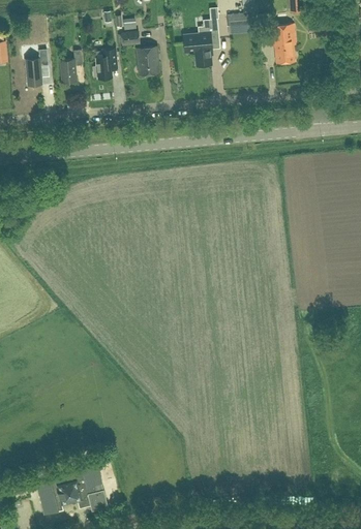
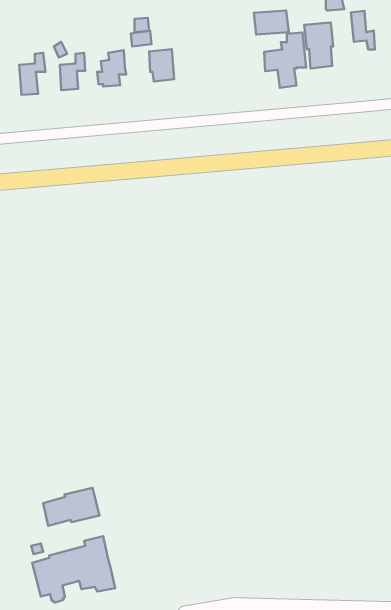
building: none -> [351,11,375,50]
building: [183,19,219,66] -> [264,32,306,88]
building: none -> [43,488,100,526]

